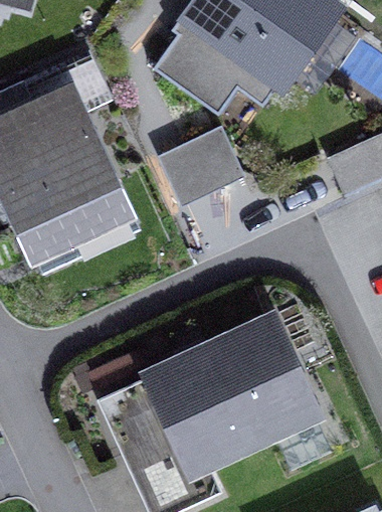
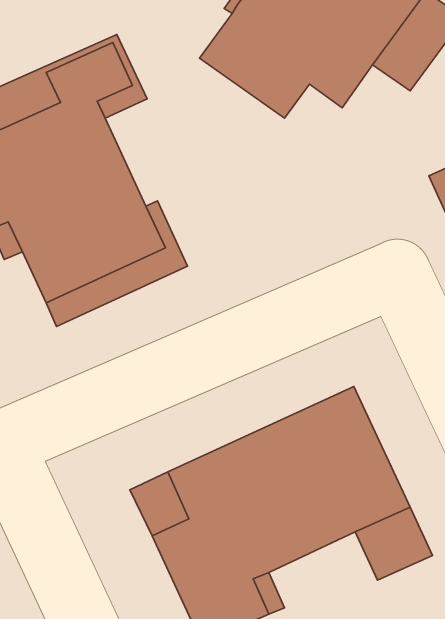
building: [160,126,244,204] -> none

